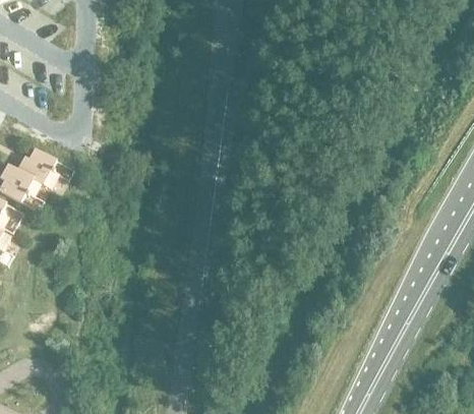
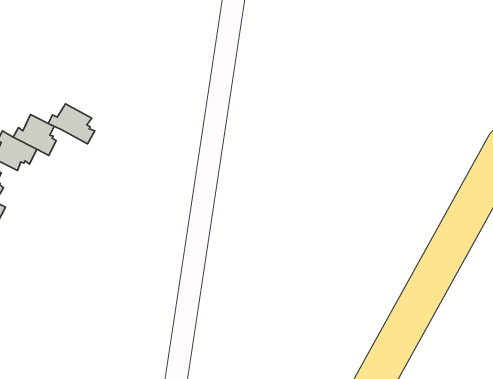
building: none -> [48,104,95,144]

